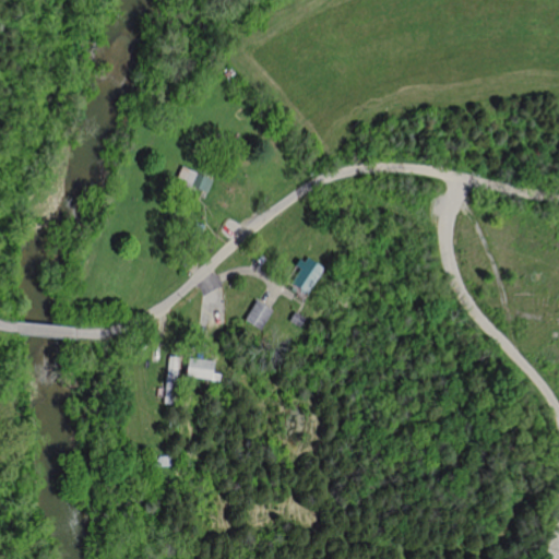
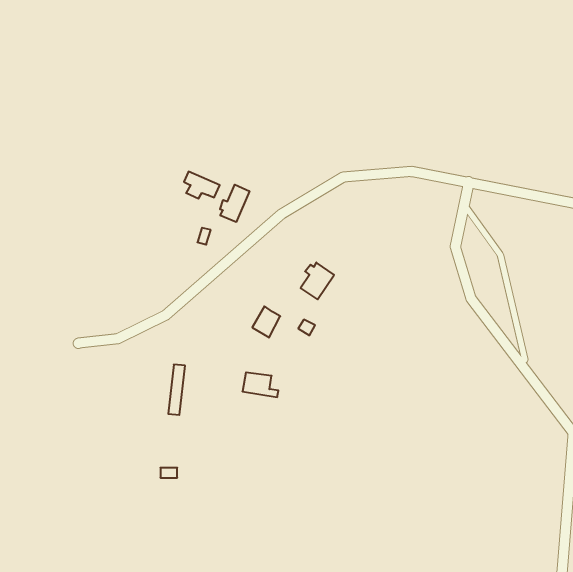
building: none -> [220,185,249,222]
building: [187,357,222,381] -> [242,372,278,397]

